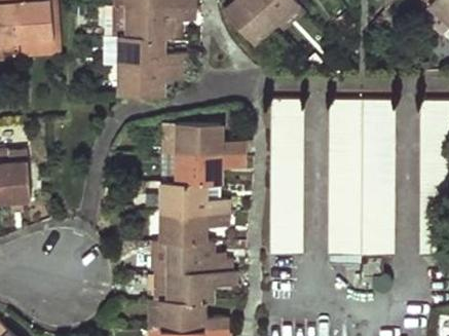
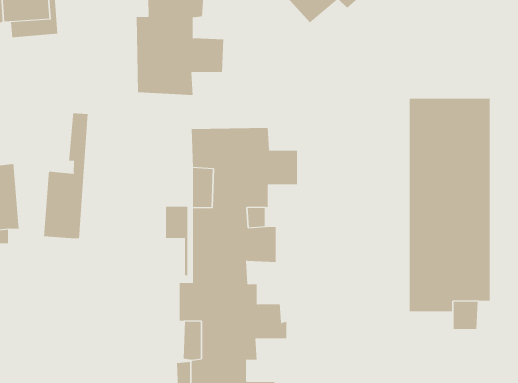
building: [268,100,301,256] -> none
building: none -> [43,113,88,239]

